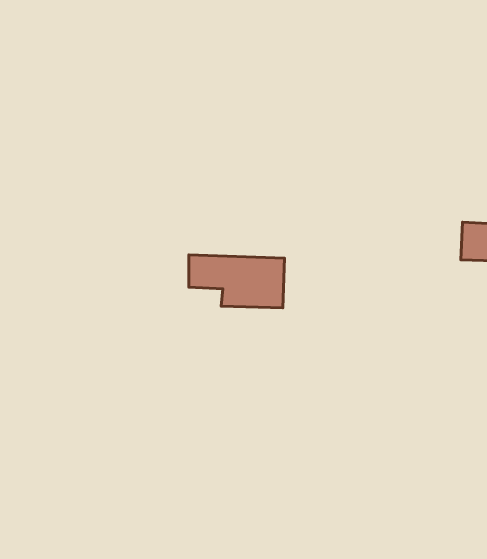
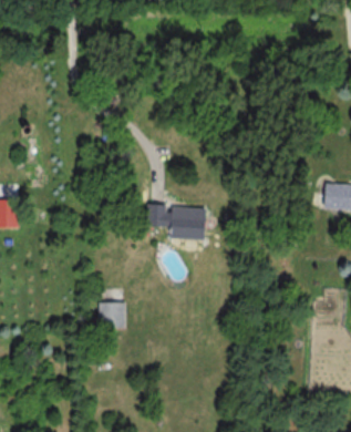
building: none -> [96,302,125,328]

